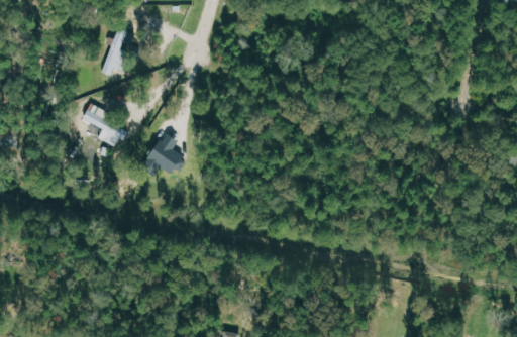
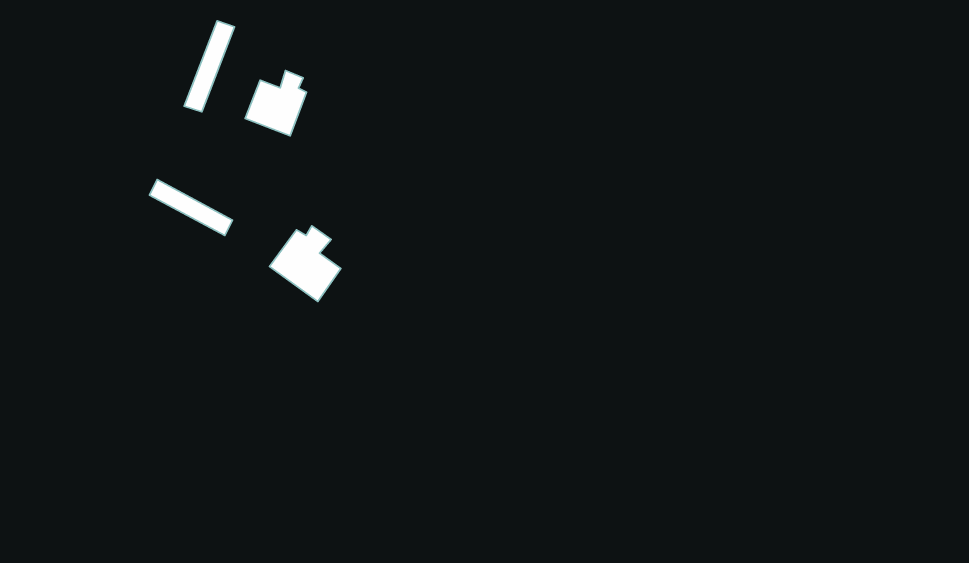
building: none -> [245,70,307,136]

